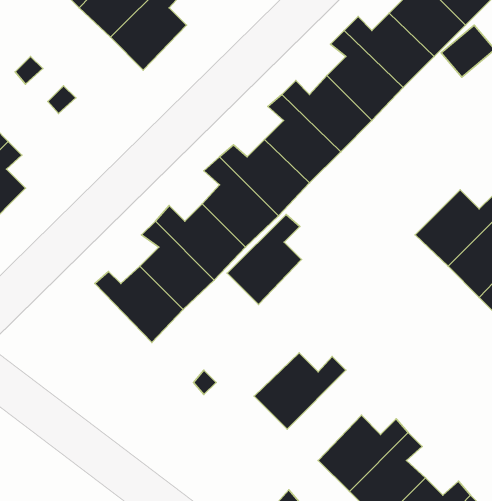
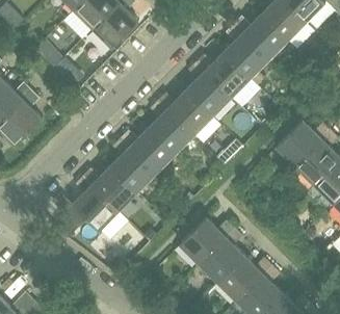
building: [227,214,302,305] -> [199,229,243,283]
building: none -> [67,177,117,231]

